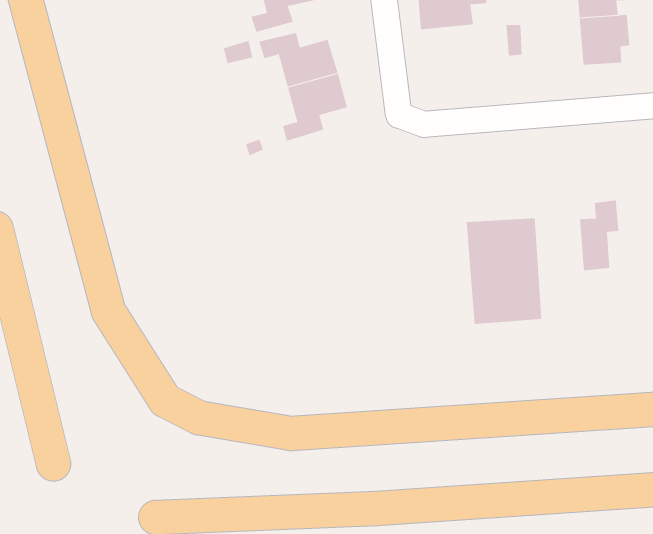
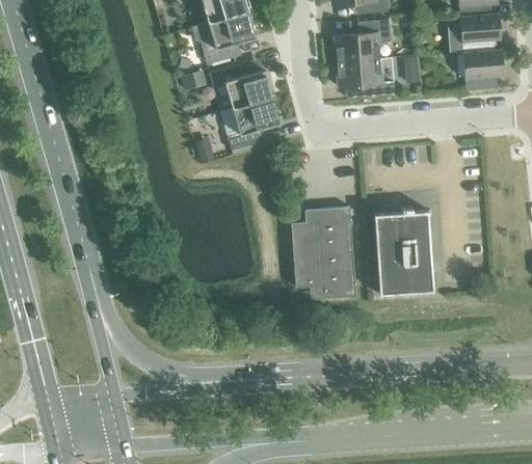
building: none -> [337,57,394,97]
building: [580,199,619,271] -> none
building: none -> [291,206,355,297]

